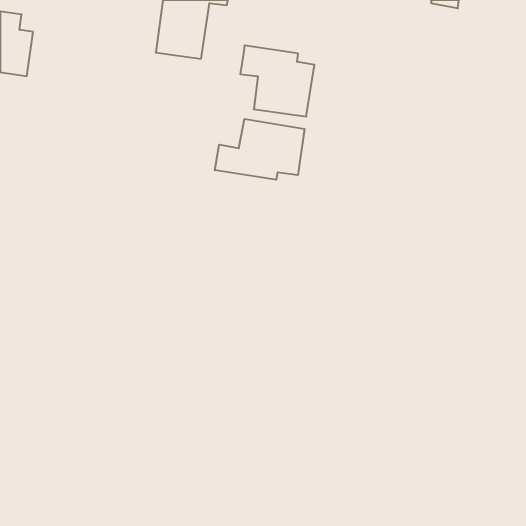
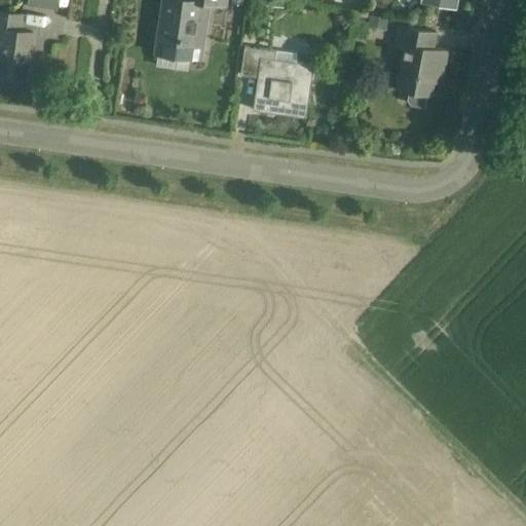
building: none -> [394,25,448,108]
building: [215,119,305,180] -> none

